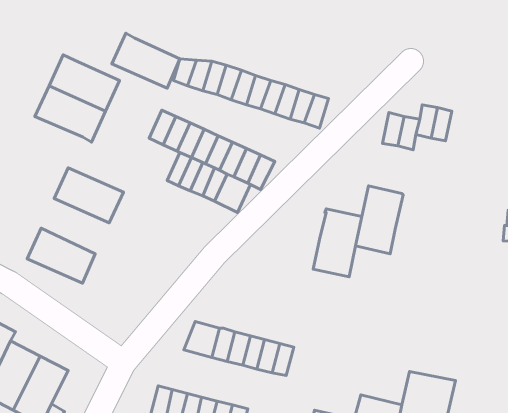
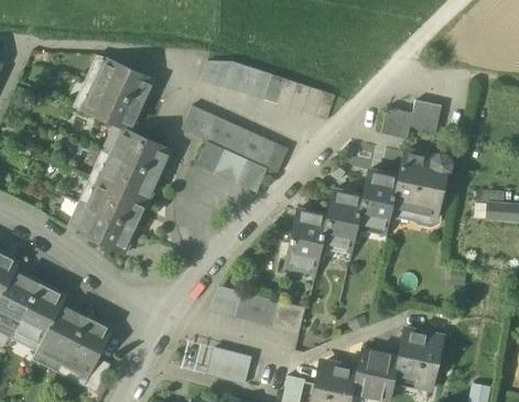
building: [112,33,180,88] -> [110,129,169,176]
building: none -> [391,153,450,216]
building: none -> [87,182,145,229]
building: none -> [284,210,326,269]

